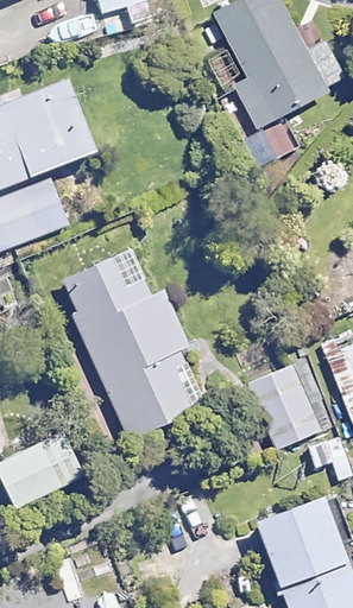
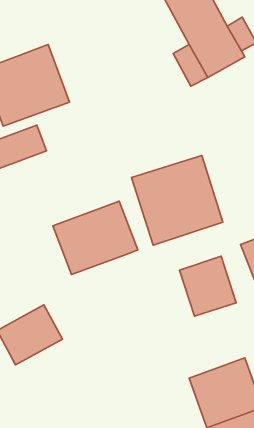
building: none -> [132,155,223,245]
building: [57,253,137,321] -> none
building: [97,357,194,437] -> none

